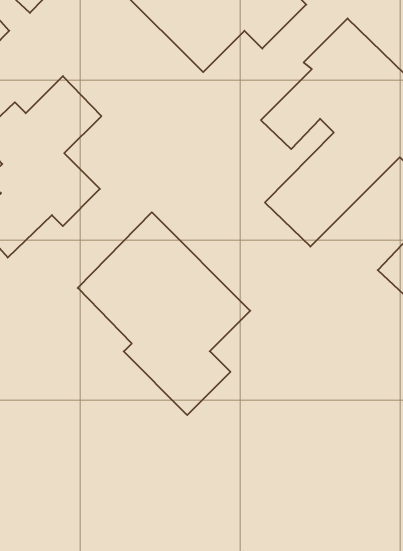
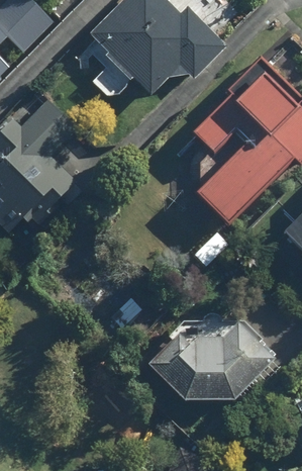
building: [78,212,250,415] -> none
building: none -> [148,318,277,400]

